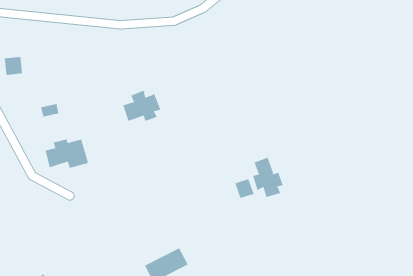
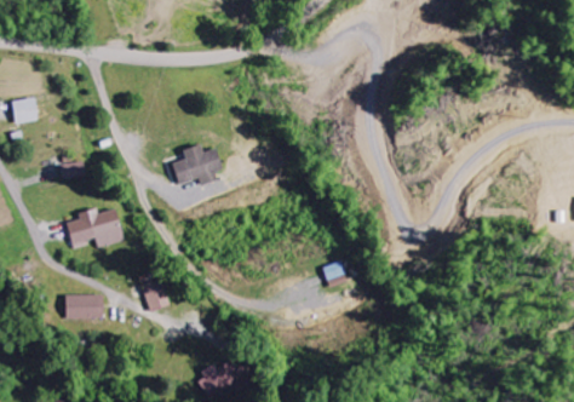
building: [252,157,283,198] -> none
building: none -> [140,277,171,312]
building: none -> [65,294,103,320]

